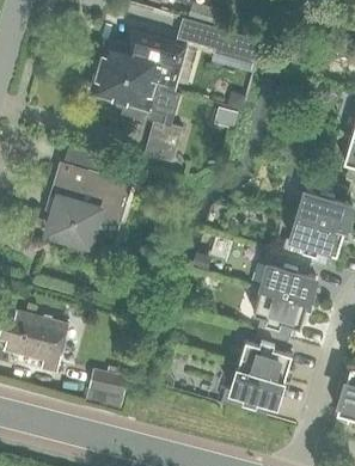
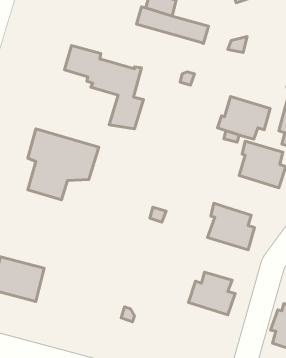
building: [99,31,185,91] -> none
building: [281,216,343,266] -> [217,96,270,139]
building: [252,289,307,339] -> none
building: [221,366,283,417] -> none
building: [85,370,127,409] -> none

